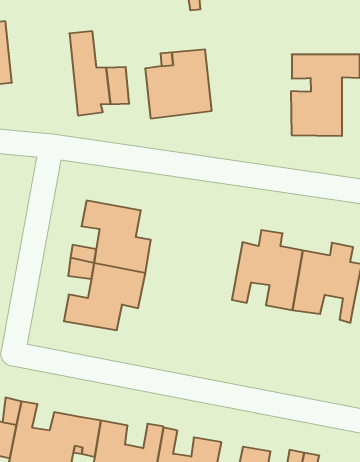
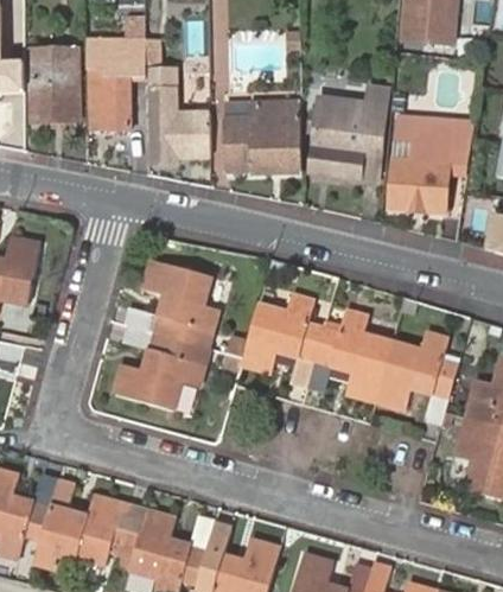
building: none -> [85,38,147,127]
building: none -> [310,89,388,178]
building: none -> [242,295,324,387]

